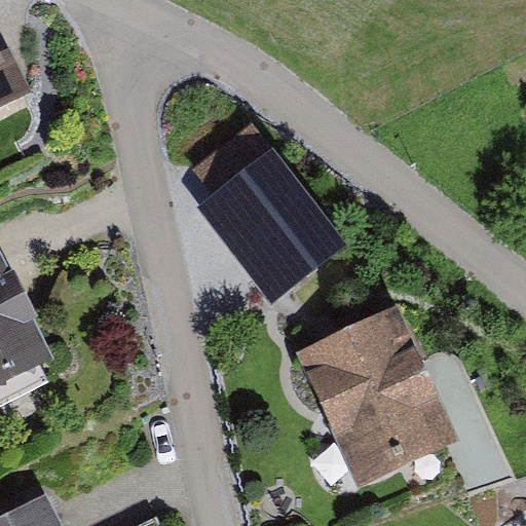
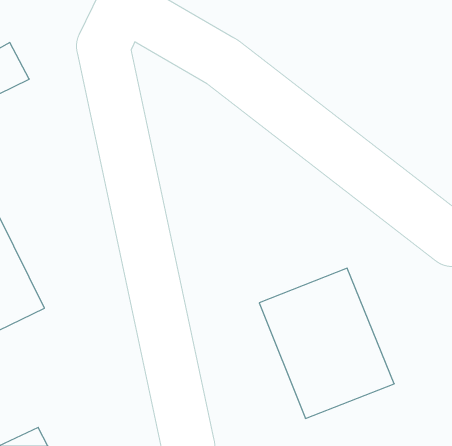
building: [197,154,337,298] -> none

